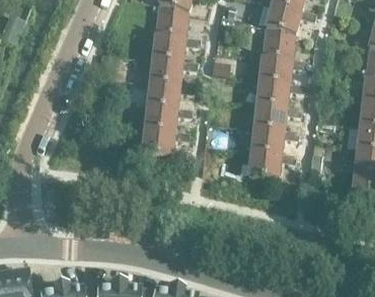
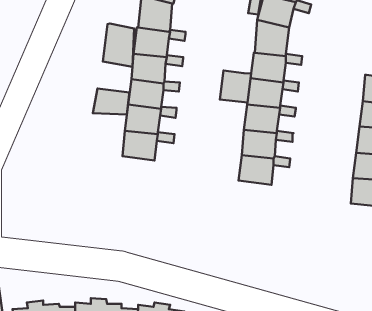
building: none -> [103,24,134,67]
building: none -> [220,71,251,103]
building: none -> [93,88,130,114]

